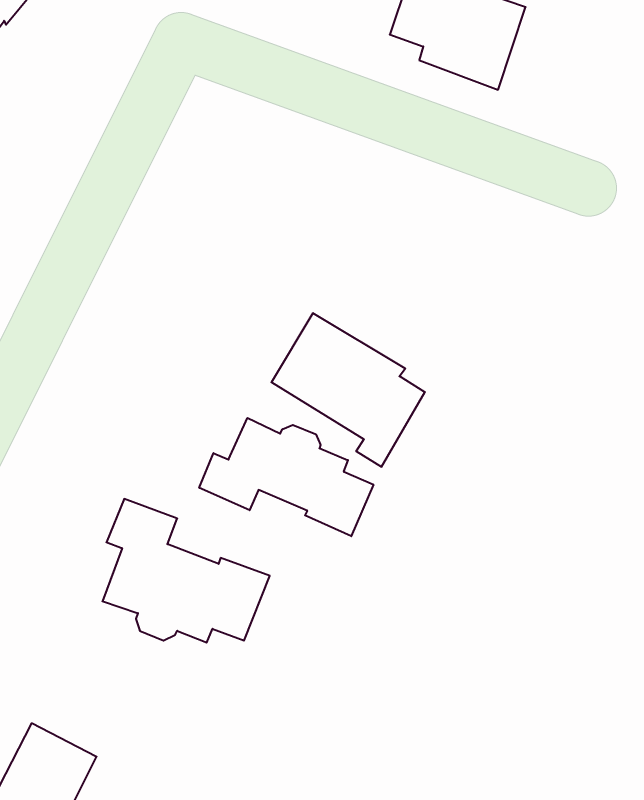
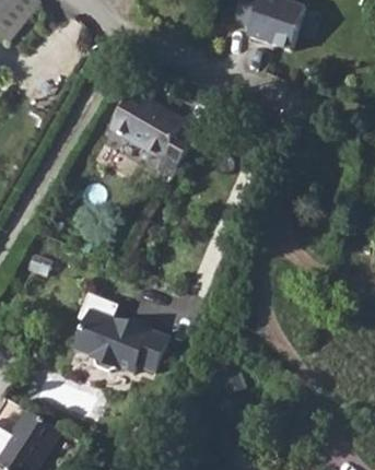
building: [271,313,425,467] -> [113,85,198,171]
building: [199,418,373,536] -> none

